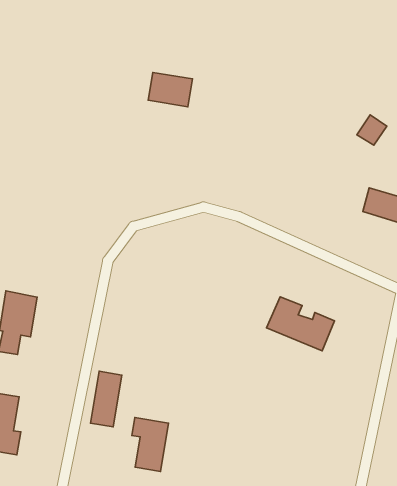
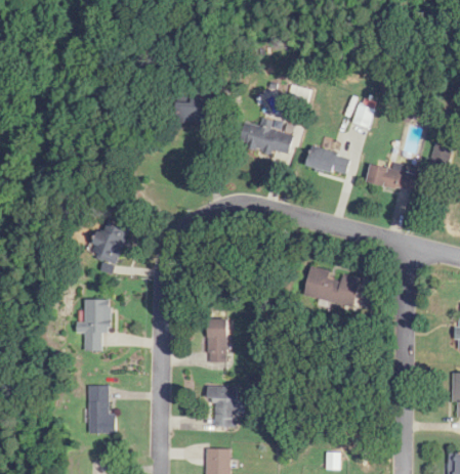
building: none -> [240,123,293,153]
building: none -> [305,144,350,176]
building: none -> [88,218,131,262]
building: [90,371,122,427] -> [207,318,226,362]

